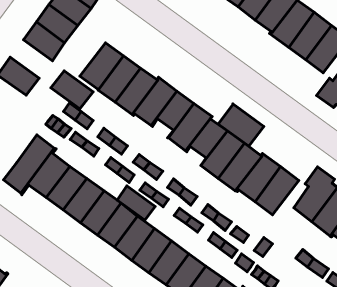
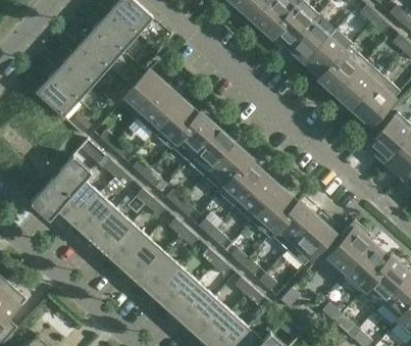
building: [51,71,93,109] -> [50,59,93,100]
building: [218,104,264,146] -> none
building: [117,186,155,220] -> none

